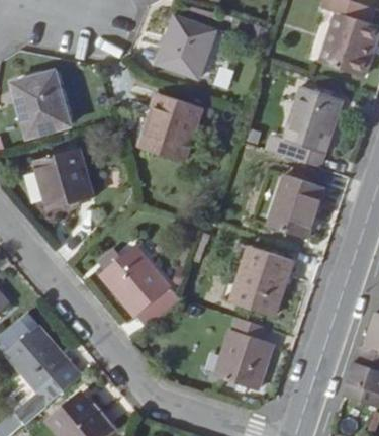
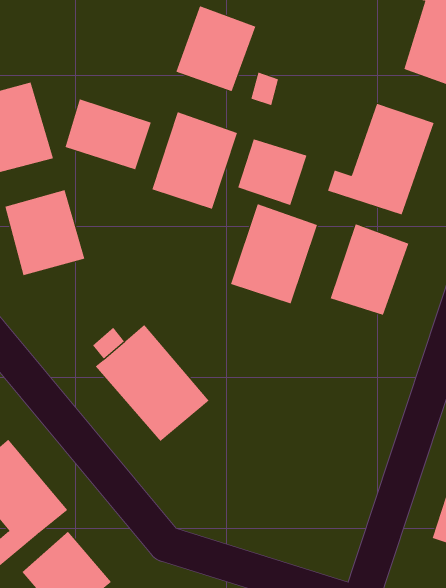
building: none -> [65,99,151,170]
building: none -> [237,139,307,206]
building: [230,245,293,317] -> [230,203,318,304]
building: [214,315,273,390] -> none

